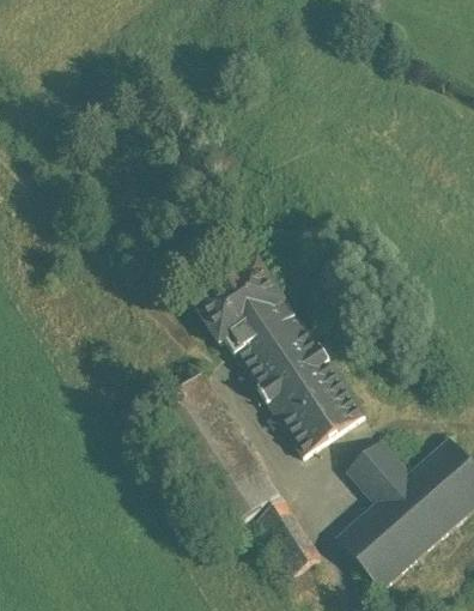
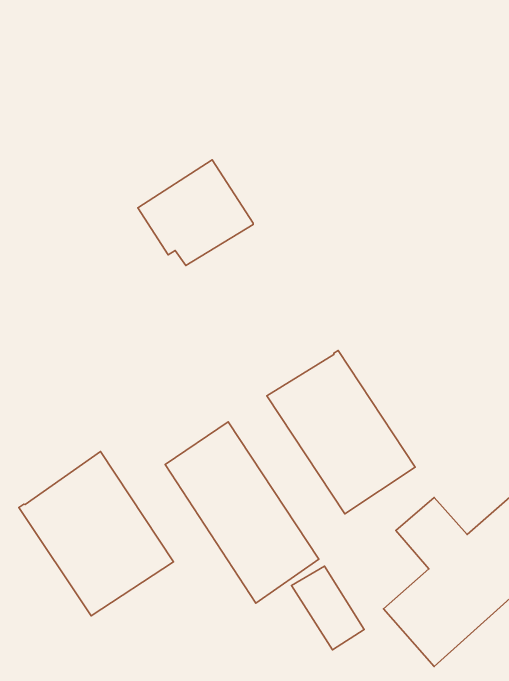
building: [194,260,294,352] -> [138,160,253,266]
building: none -> [19,452,173,616]

